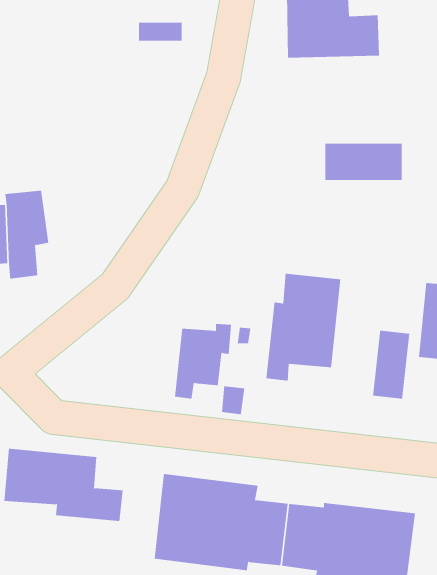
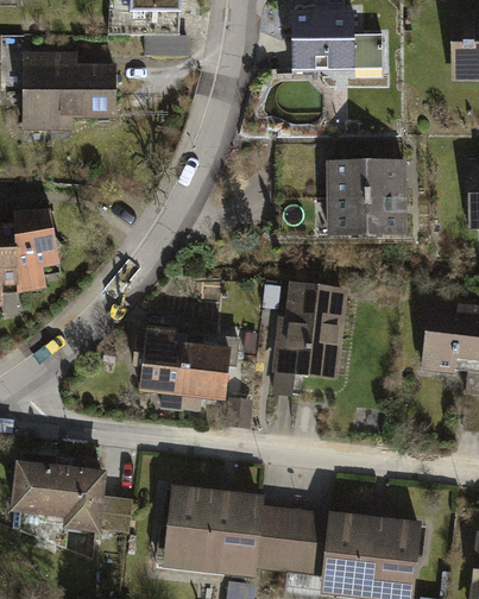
building: none -> [23,55,114,128]
building: none -> [329,194,406,234]
building: none -> [132,322,188,408]
building: [373,330,410,399] -> none

